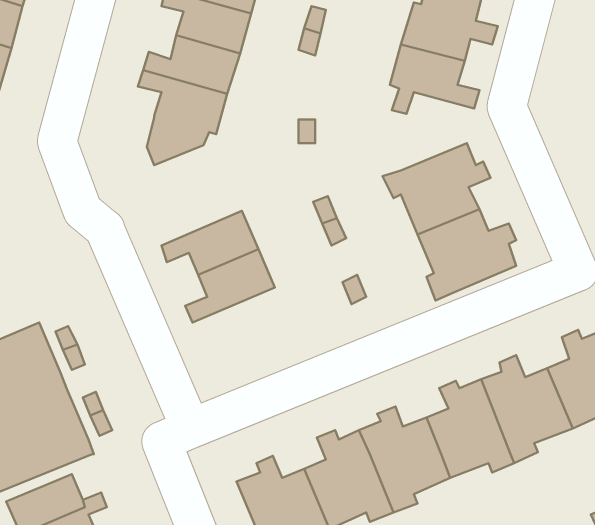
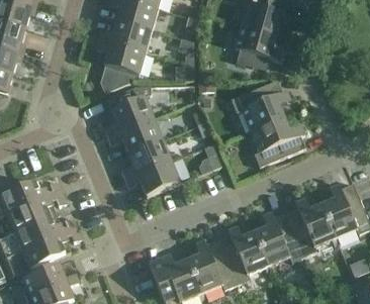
building: none -> [104,87,153,137]
building: none -> [125,161,180,197]

